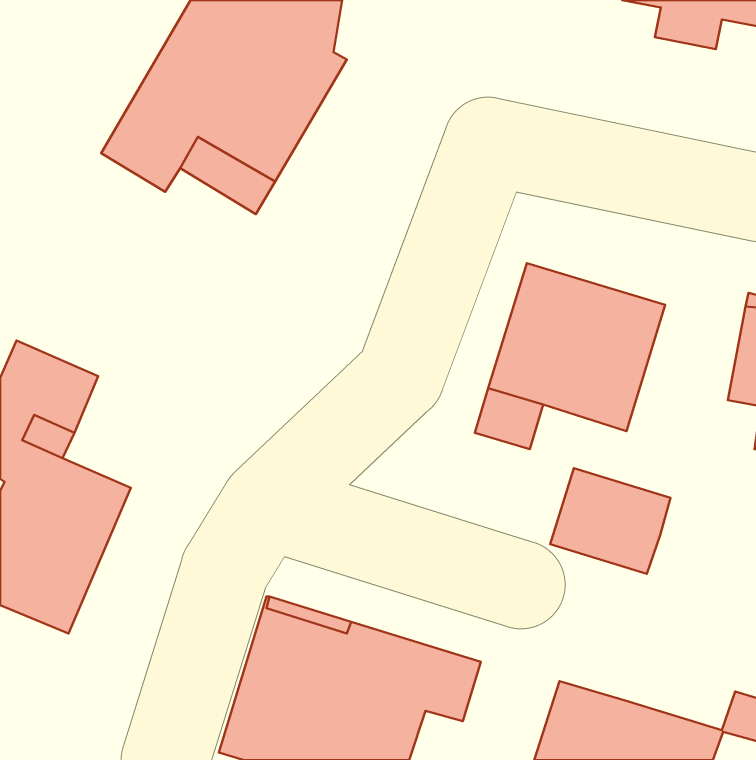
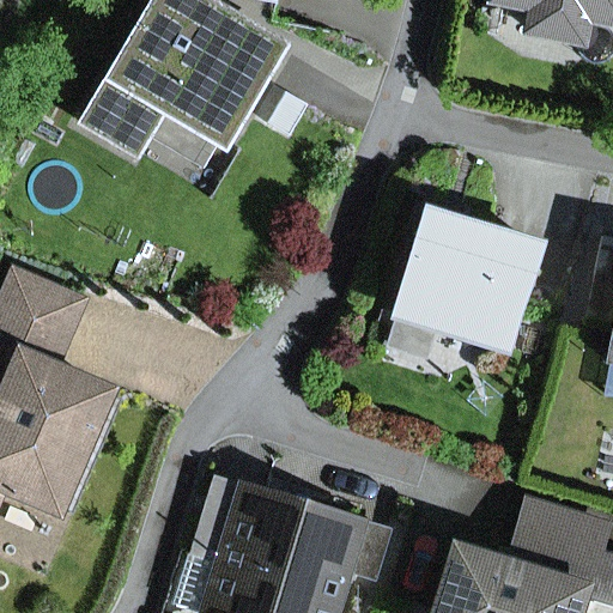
building: [550,468,671,574] -> [506,503,603,588]

